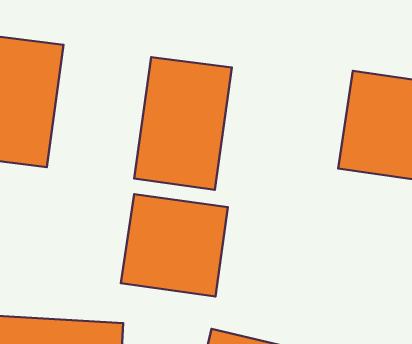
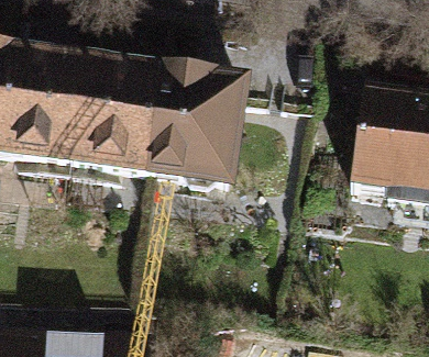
building: none -> [68,58,171,189]
building: [121,194,228,296] -> none

